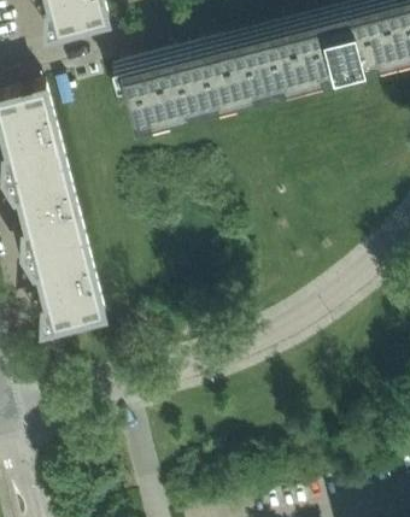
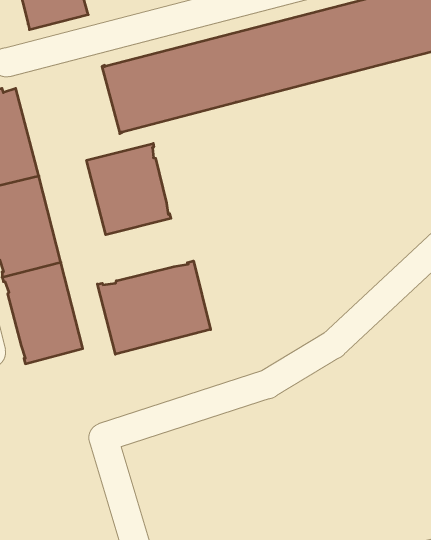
building: none -> [87,143,171,235]
building: none -> [97,261,211,354]

